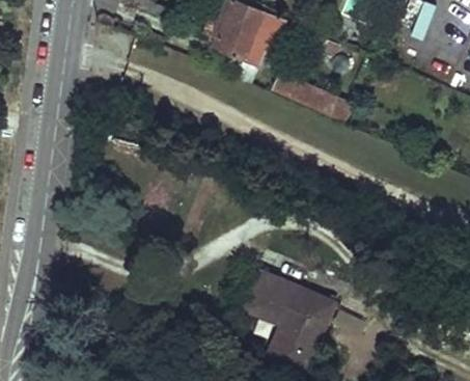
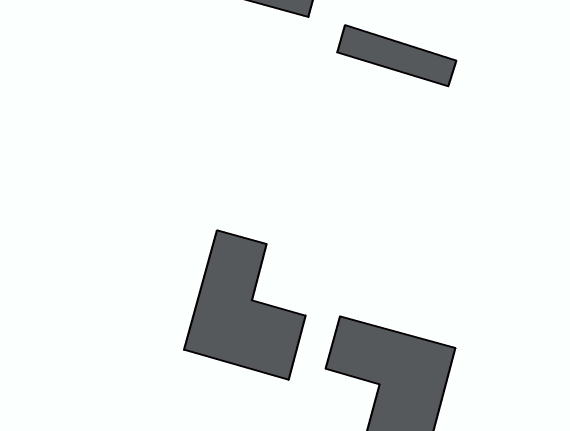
building: none -> [184,230,306,380]

